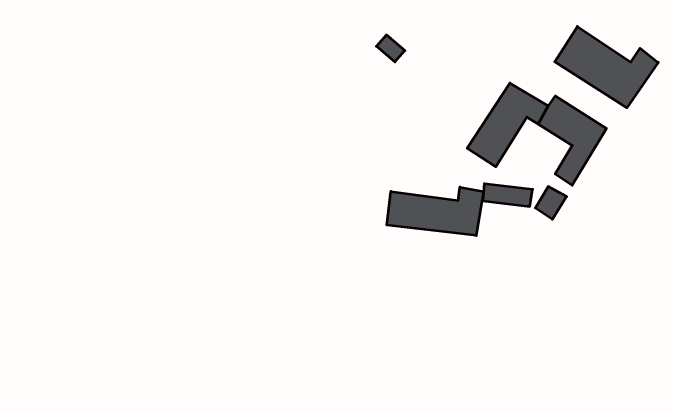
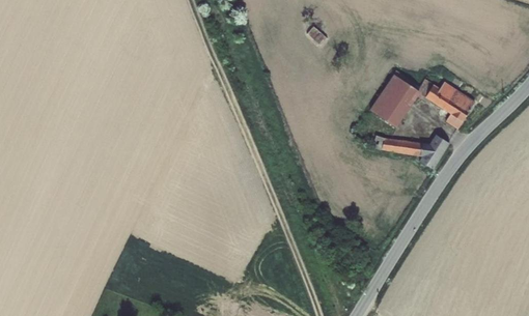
building: [555,26,658,108] -> none
building: [387,187,484,236] -> none

